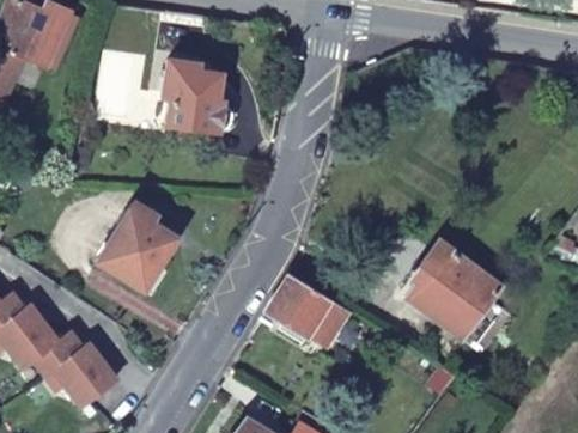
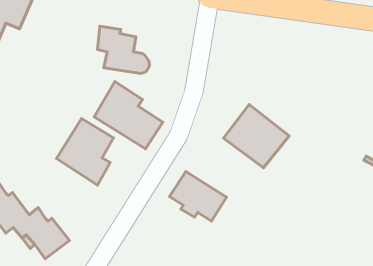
building: none -> [94,81,163,149]
building: [408,244,506,339] -> [223,105,289,168]

